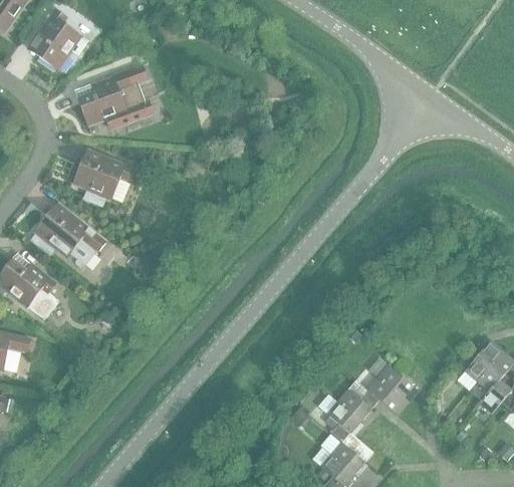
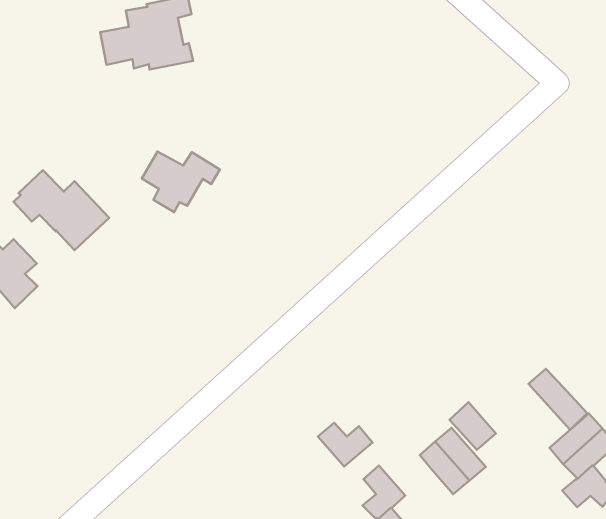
building: [73,157,132,204] -> [142,151,220,212]
building: none -> [529,369,587,430]
building: none -> [449,402,496,450]
building: [335,388,377,420] -> [318,423,373,466]

